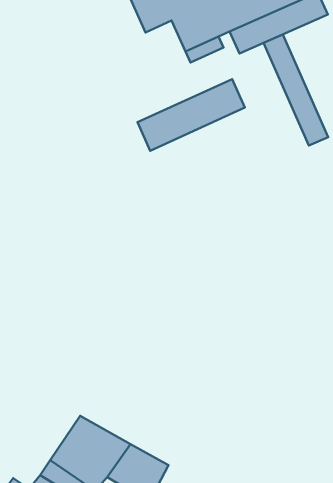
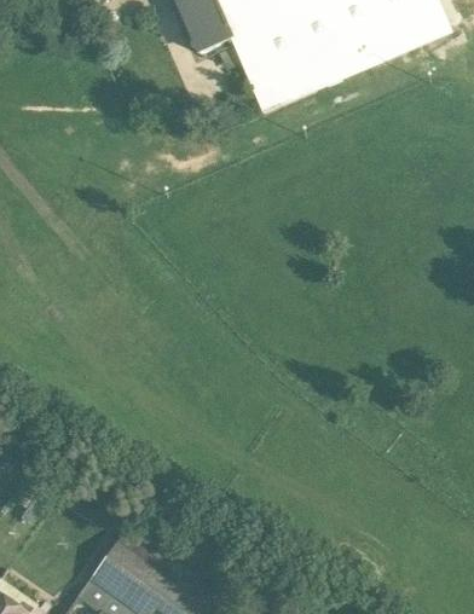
building: [263,35,328,146] -> none
building: [137,79,245,151] -> none

